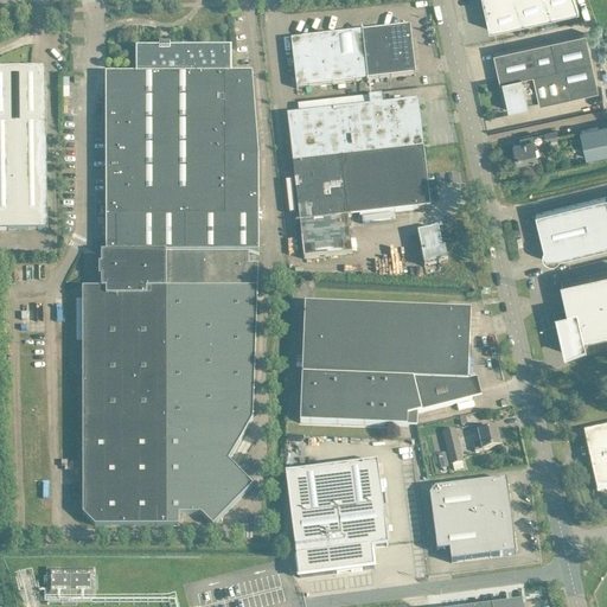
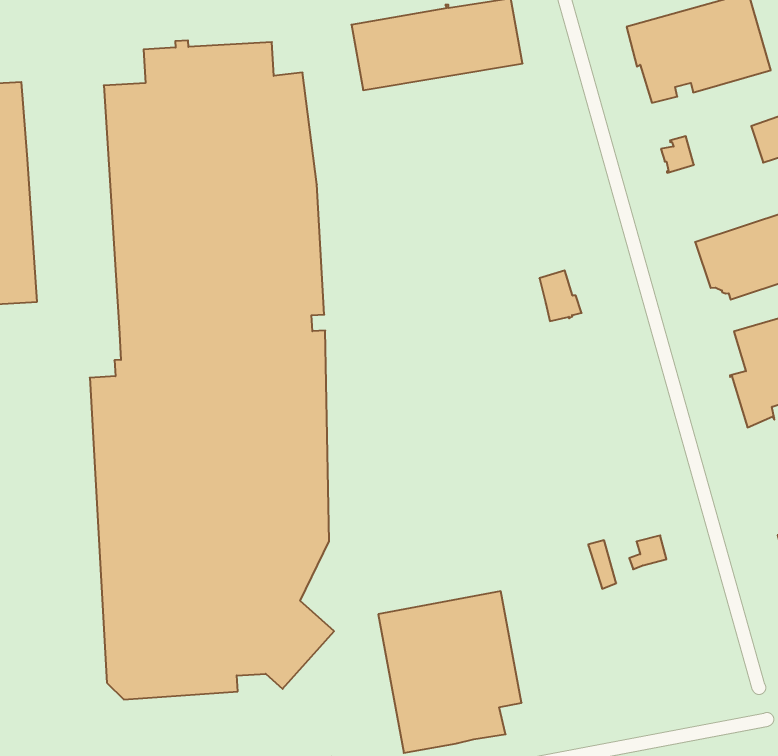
building: [286,91,429,255] -> none
building: [299,300,472,423] -> none
building: [429,477,515,558] -> none

